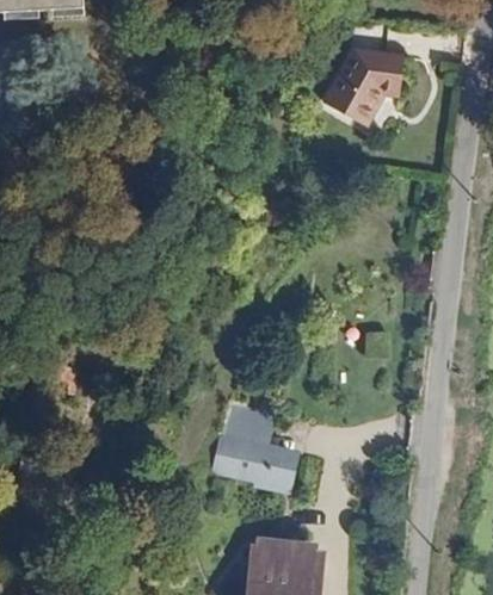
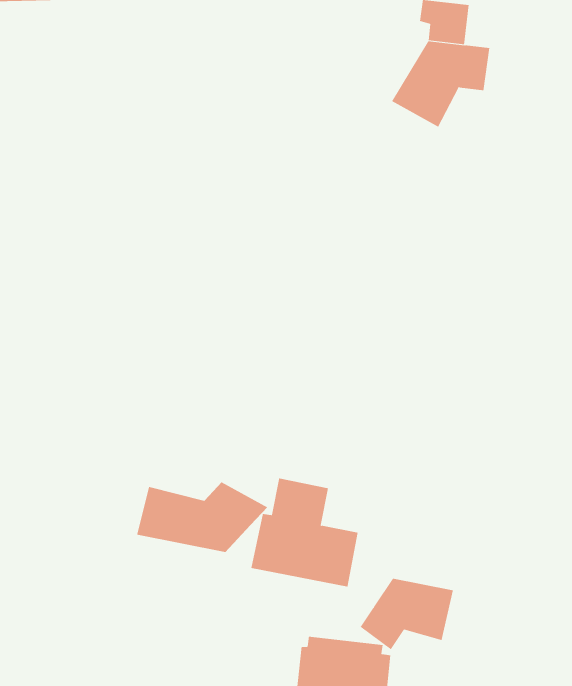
building: none -> [137,482,268,553]
building: none -> [360,578,454,650]

